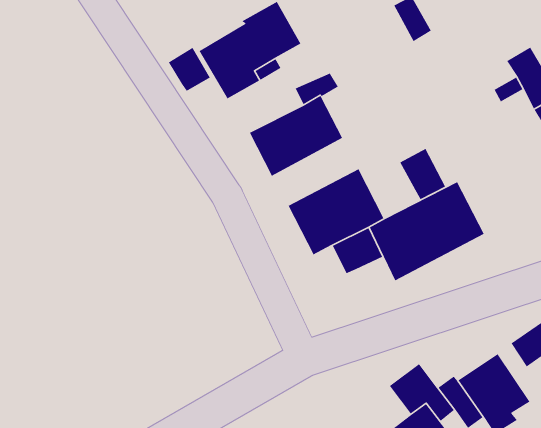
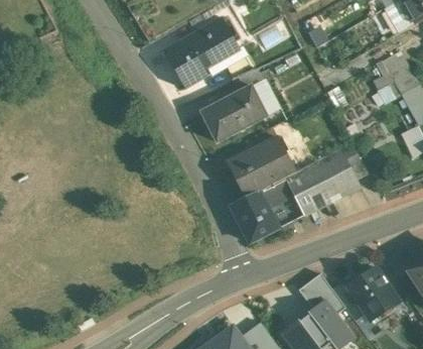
building: [168,47,211,92] -> none
building: [399,148,446,200] -> none
building: none -> [231,191,278,243]

